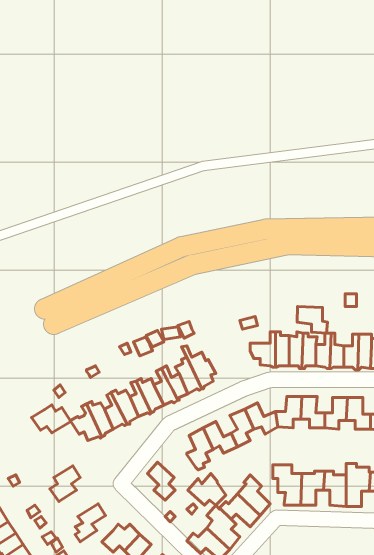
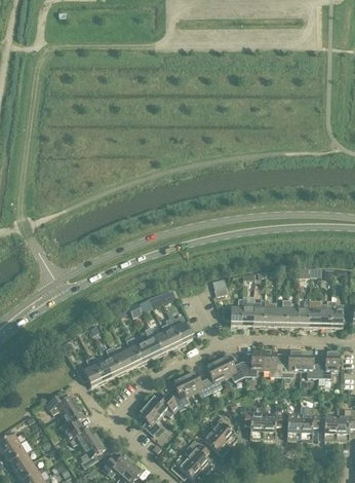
building: [297,306,327,333] -> none
building: [32,405,71,433] -> [46,393,78,415]
building: [188,474,226,505] -> [147,389,178,415]
building: none -> [67,425,98,447]

